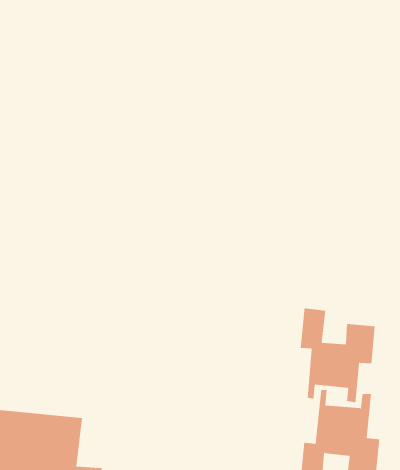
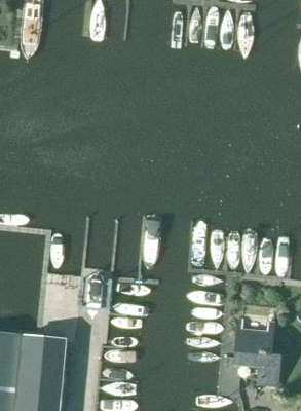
building: [300,307,375,403] -> none

